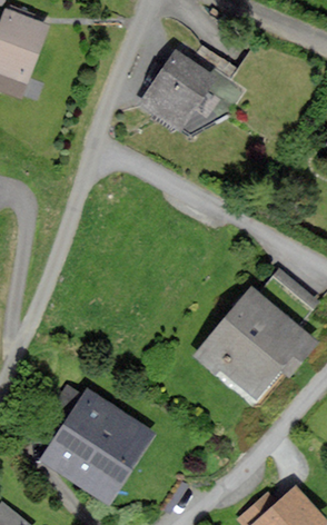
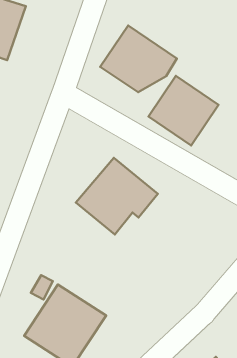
building: none -> [148,76,219,146]
building: [202,291,310,393] -> [76,158,158,234]

